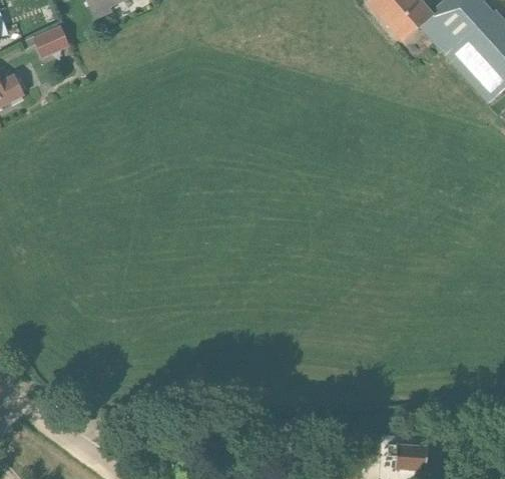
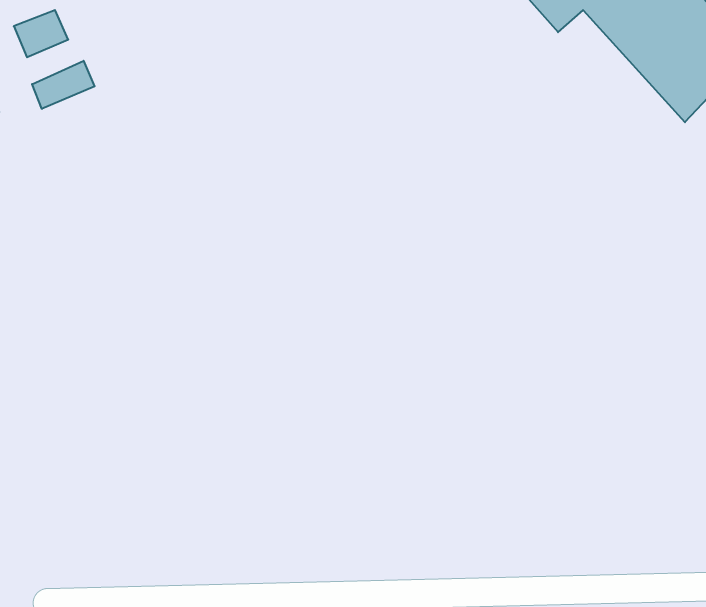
building: none -> [32,61,95,109]

